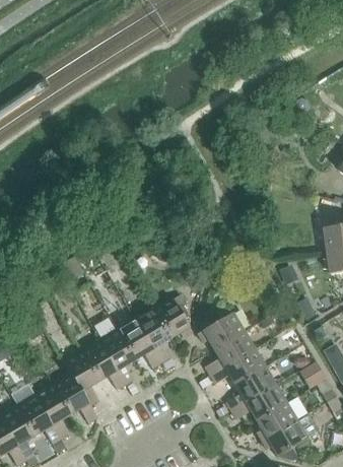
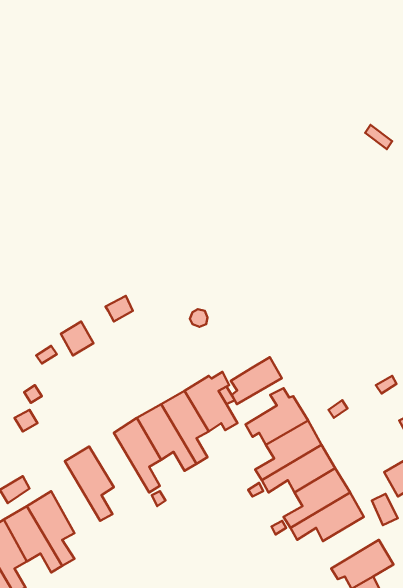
building: none -> [231,357,282,404]
building: [81,340,126,390] -> none
building: [53,374,97,423] -> none
building: [256,403,297,442] -> none

